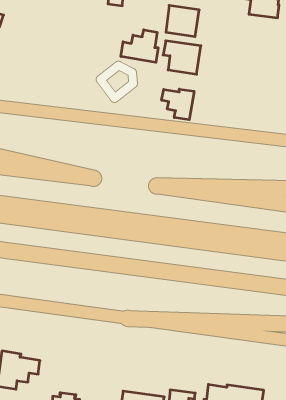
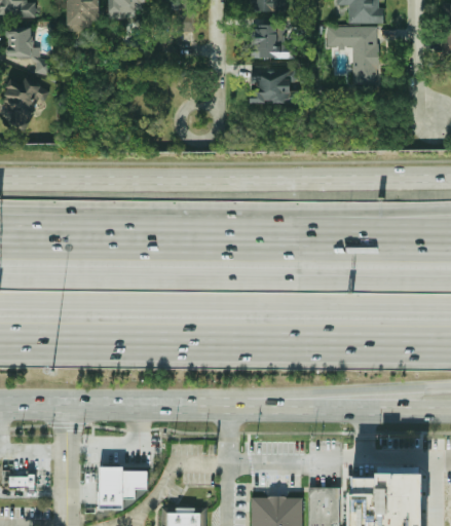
building: none -> [327,26,379,83]
building: [121,30,158,62] -> none
building: [162,89,194,120] -> none

